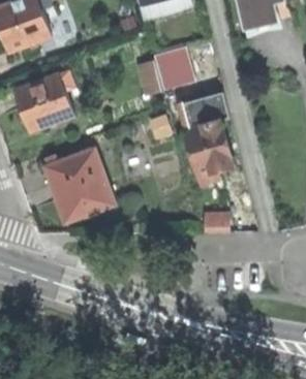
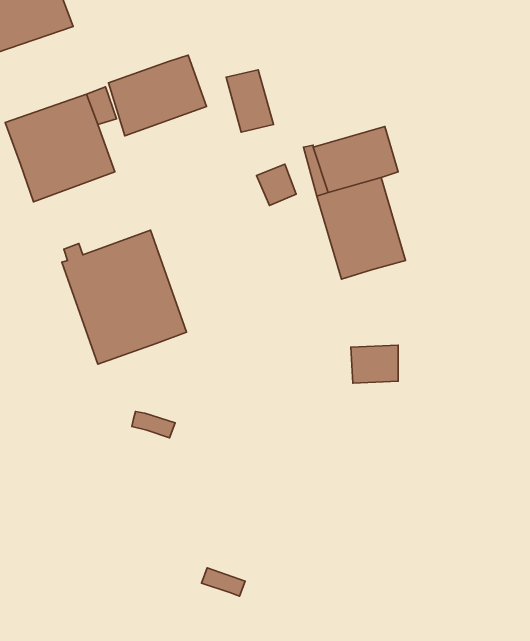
building: [153,46,193,90] -> none
building: none -> [108,55,206,136]

